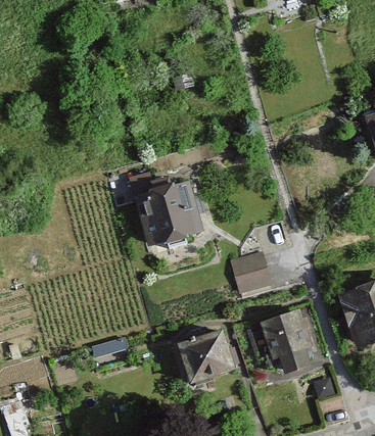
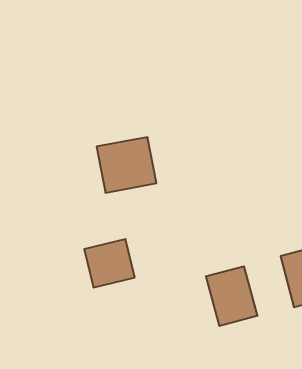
building: [233,254,272,293] -> none
building: [180,328,235,381] -> [84,239,135,287]

